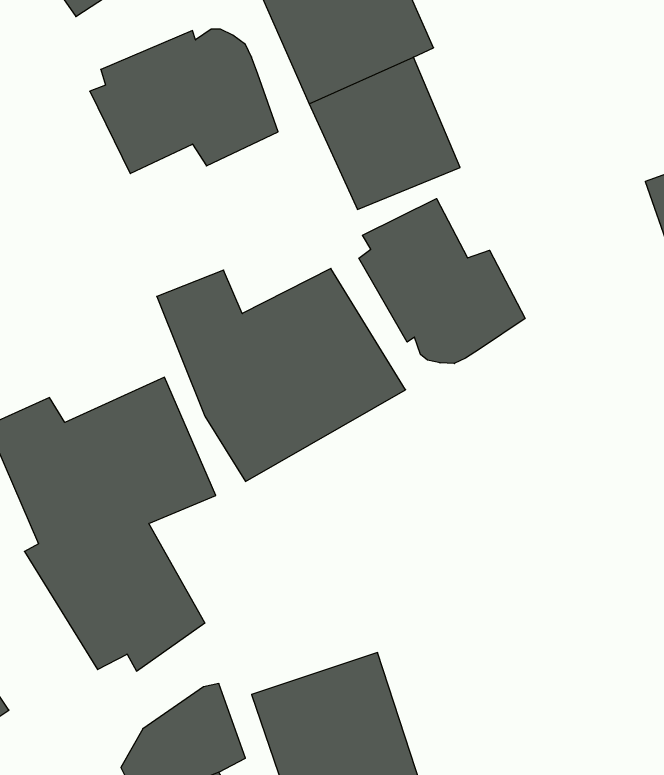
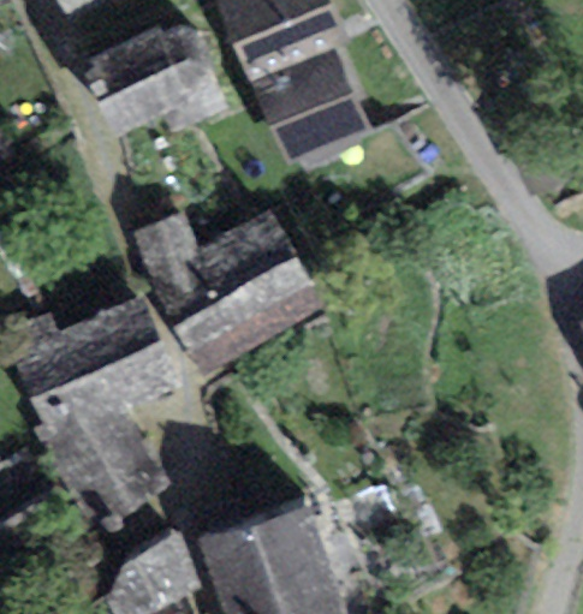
building: [359,199,525,364] -> none

